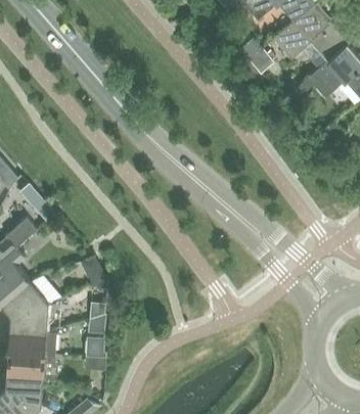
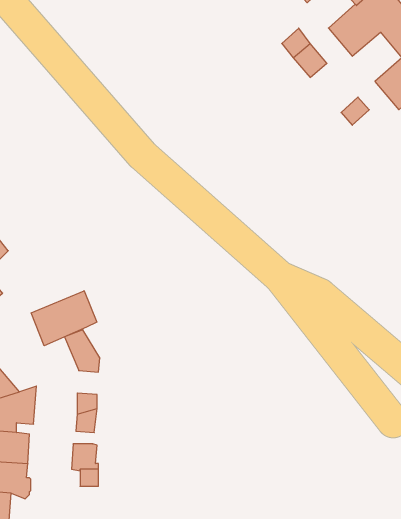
building: none -> [31,291,97,346]

